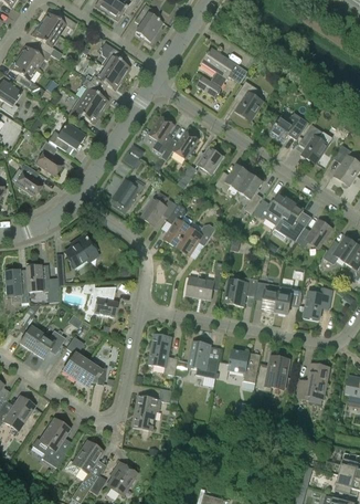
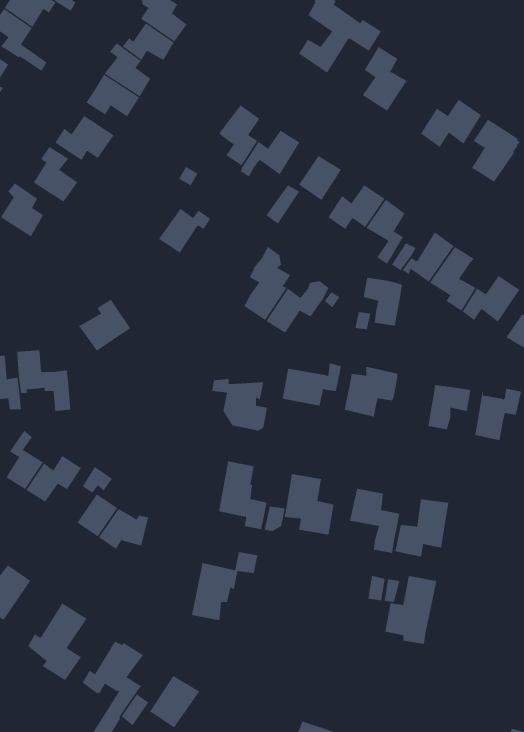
building: [140,198,177,225] -> none
building: [255,282,279,312] -> [363,277,403,326]
building: [83,284,117,316] -> [211,378,268,431]
building: [297,363,329,405] -> [384,576,437,645]

